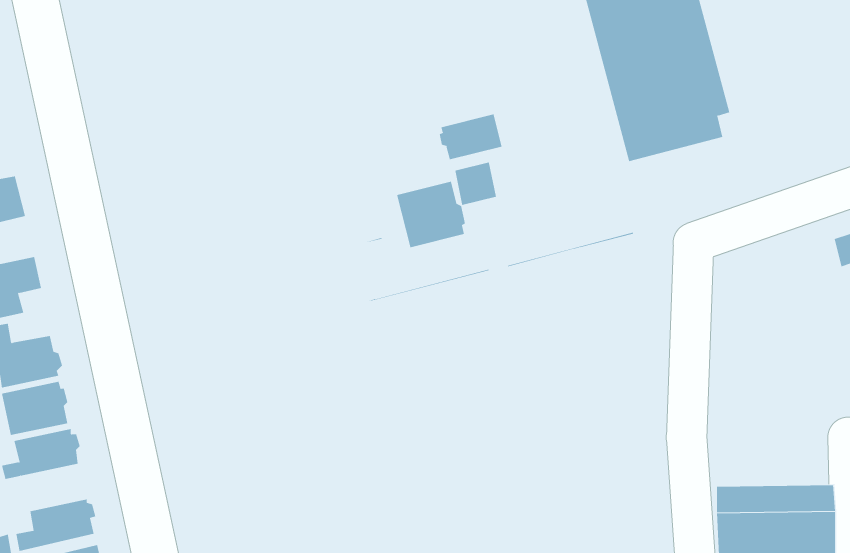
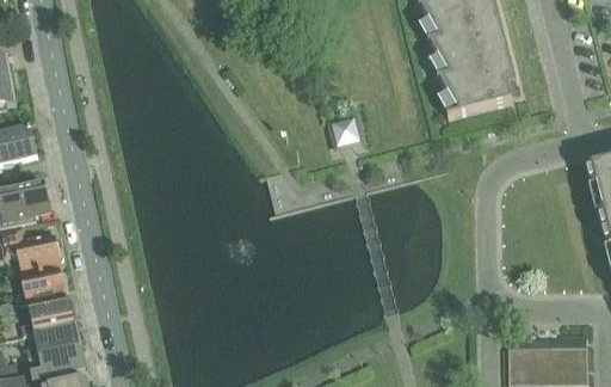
building: [439,114,502,160] -> none
building: [397,181,466,248] -> none
building: none -> [25,322,79,357]

